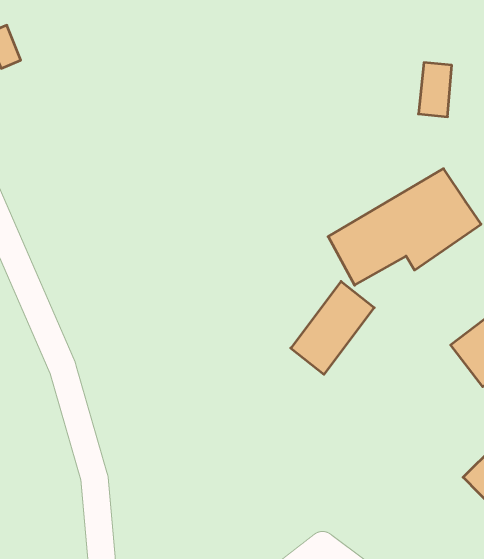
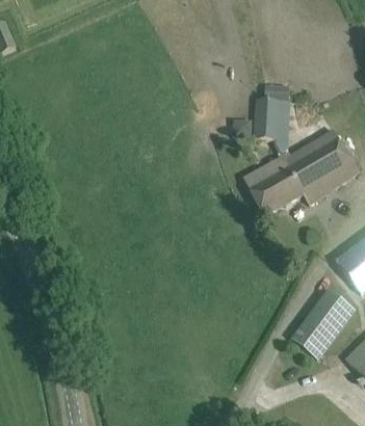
building: [418,63,452,117] -> [255,98,280,138]
building: [291,281,374,374] -> [293,288,356,357]

